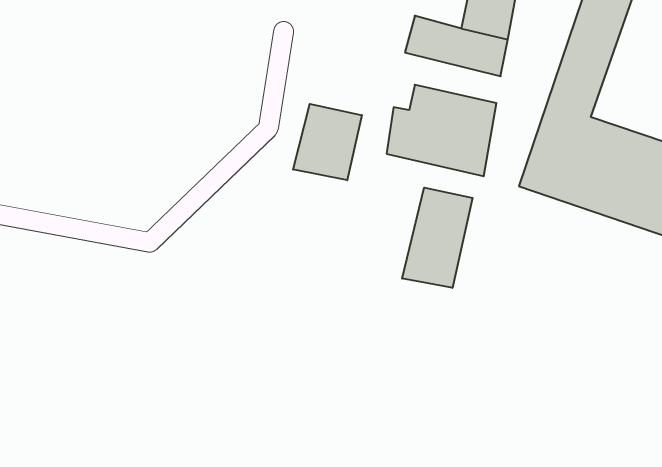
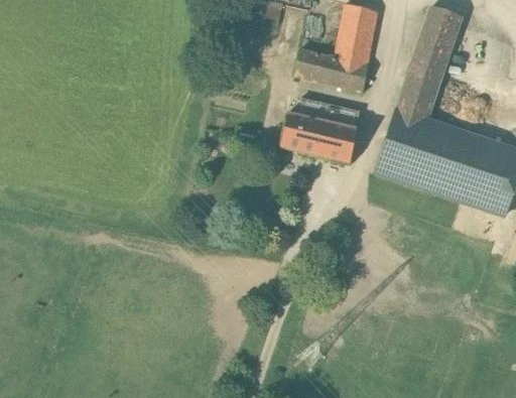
building: [293,104,362,180] -> none
building: [402,188,473,288] -> none

